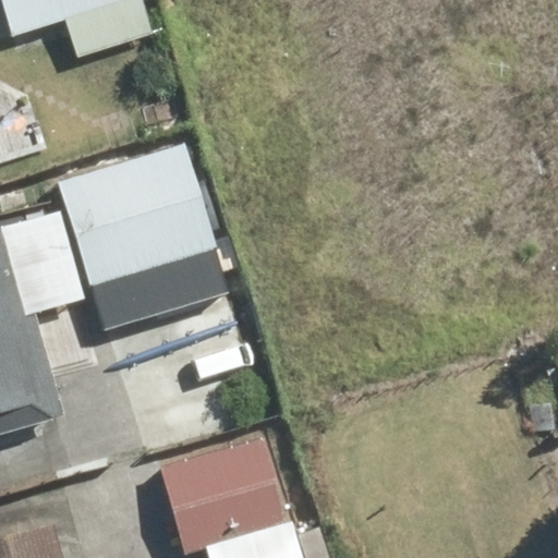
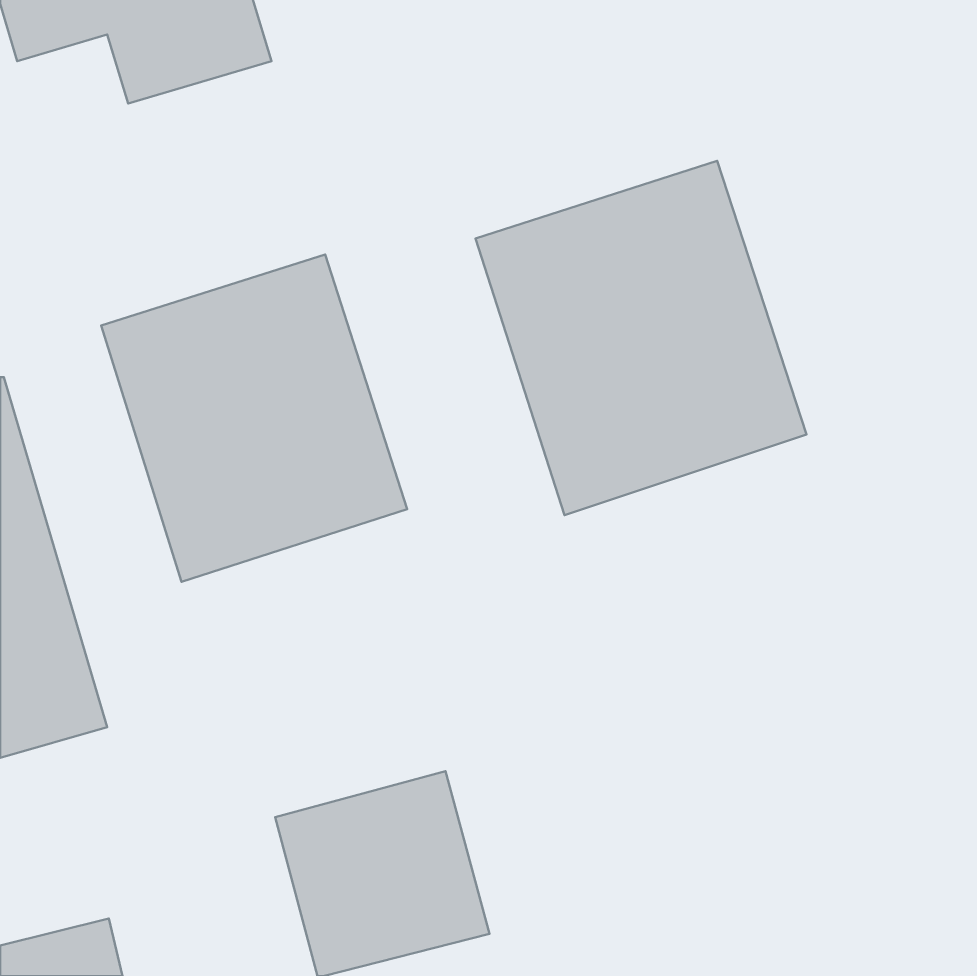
building: none -> [475,161,807,515]

